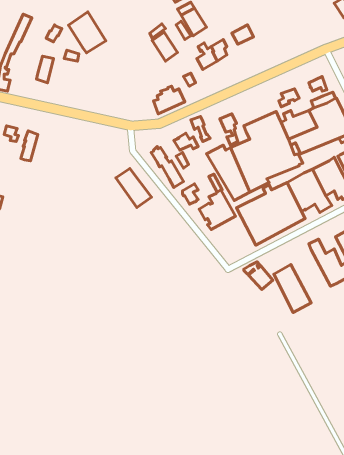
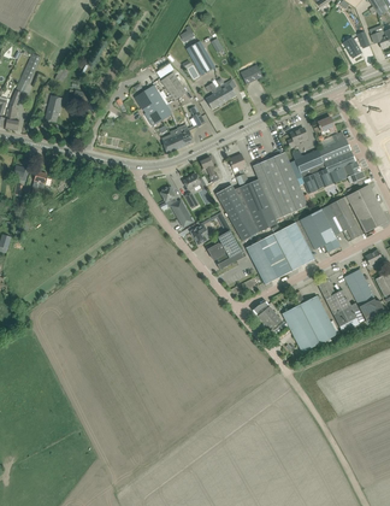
building: [69,12,106,53] -> [135,84,172,125]
building: [116,168,151,208] -> none
building: none -> [294,290,337,342]

